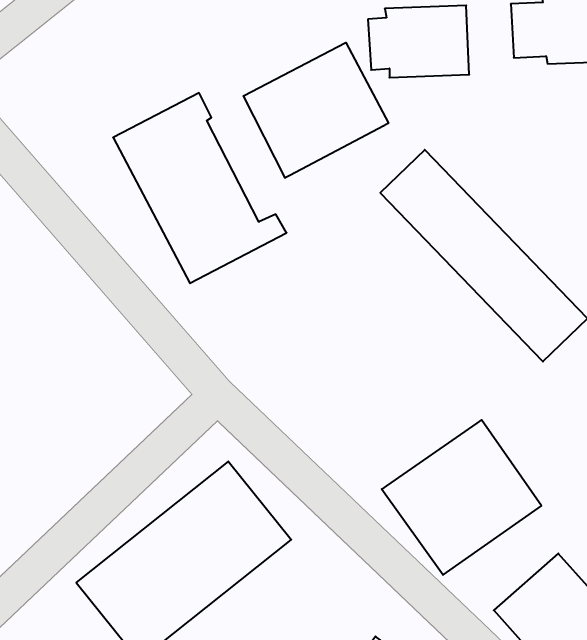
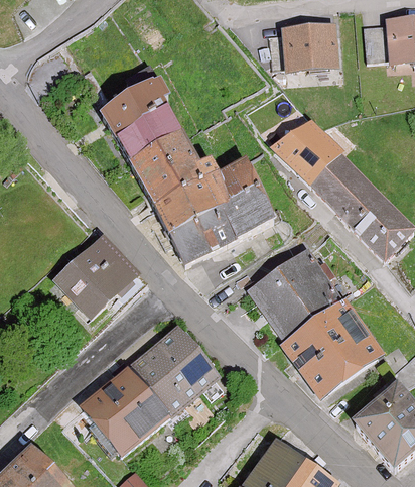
building: [243,43,388,178] -> none
building: none -> [153,159,275,265]
building: none -> [52,234,139,321]
building: none -> [247,247,341,340]

